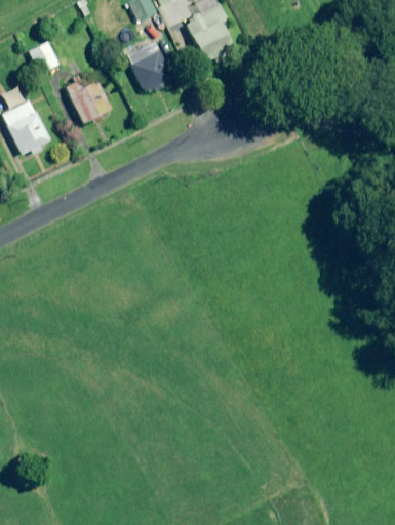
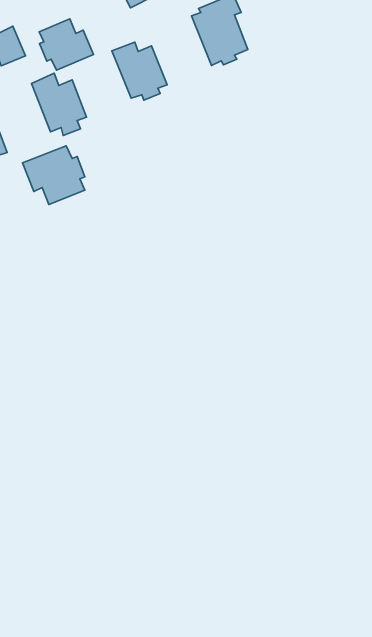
building: none -> [39,19,94,70]
building: none -> [22,146,85,205]

